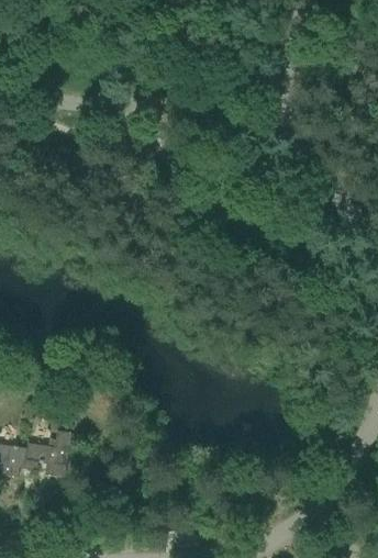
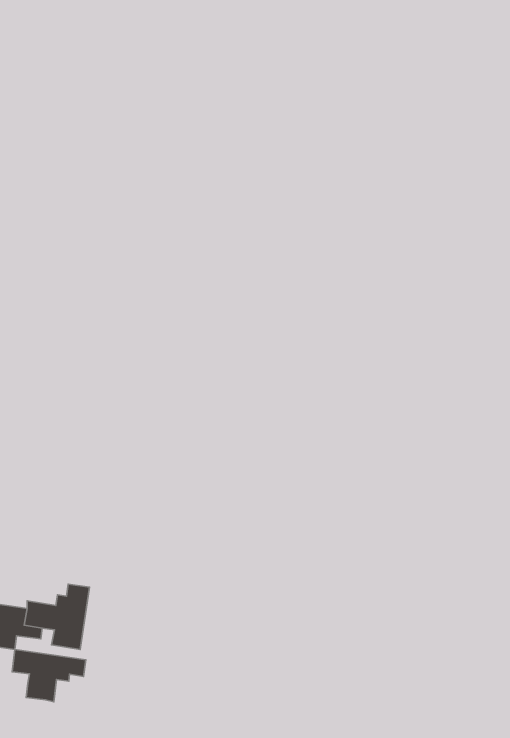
building: none -> [12,650,86,702]

